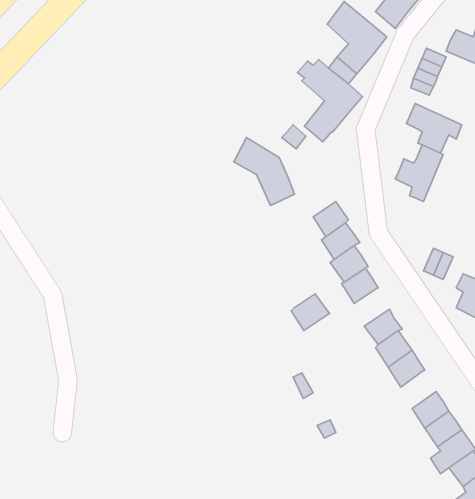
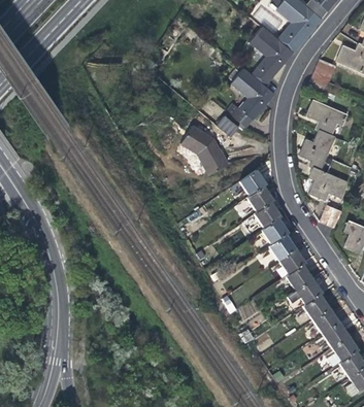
building: none -> [309,167,348,200]
building: [291,294,329,331] -> [268,234,296,261]
building: none -> [302,294,330,320]

